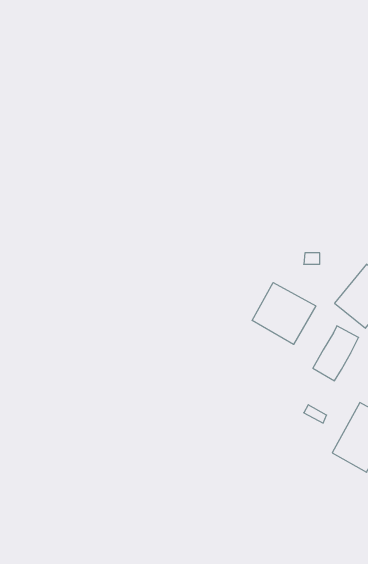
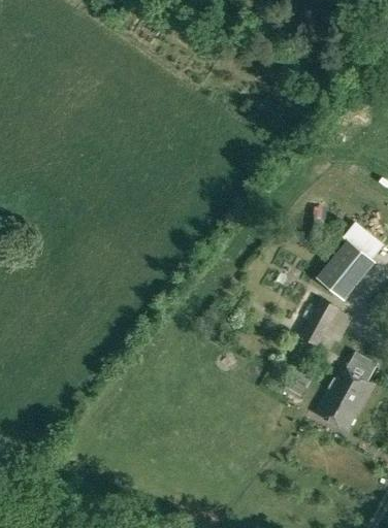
building: [252,283,316,344] -> none

